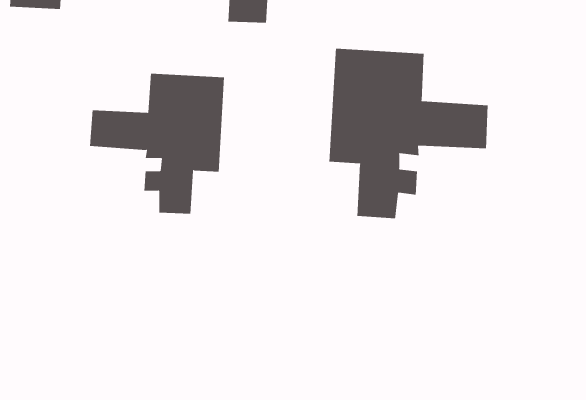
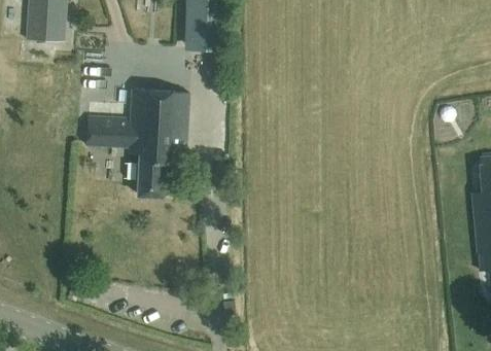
building: [329,48,488,219] -> none

